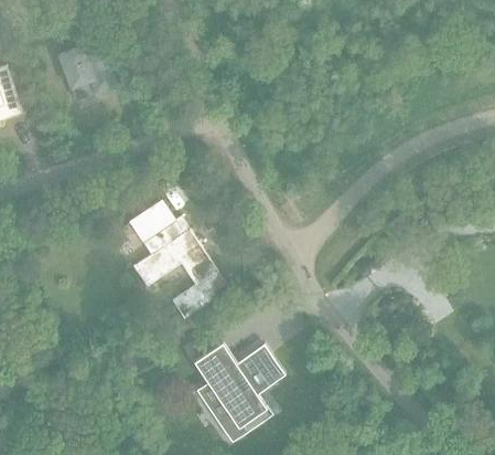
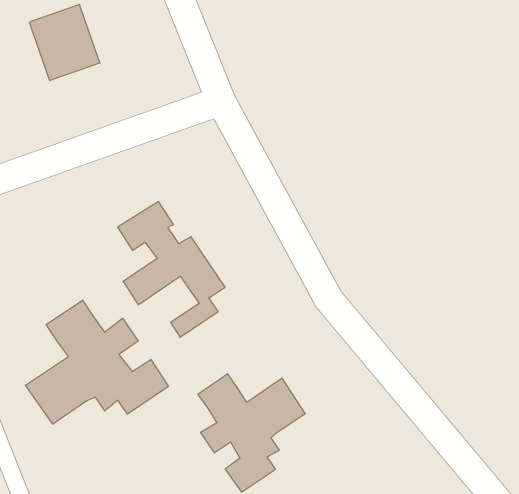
building: none -> [25,300,168,424]

